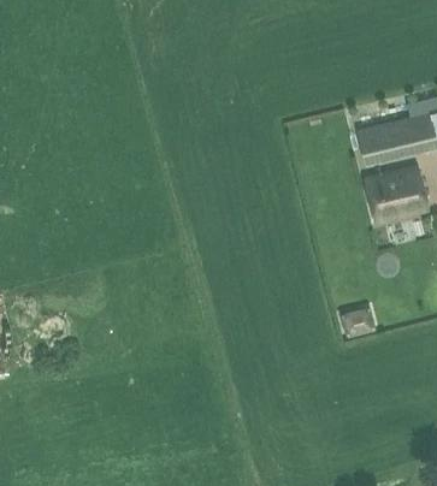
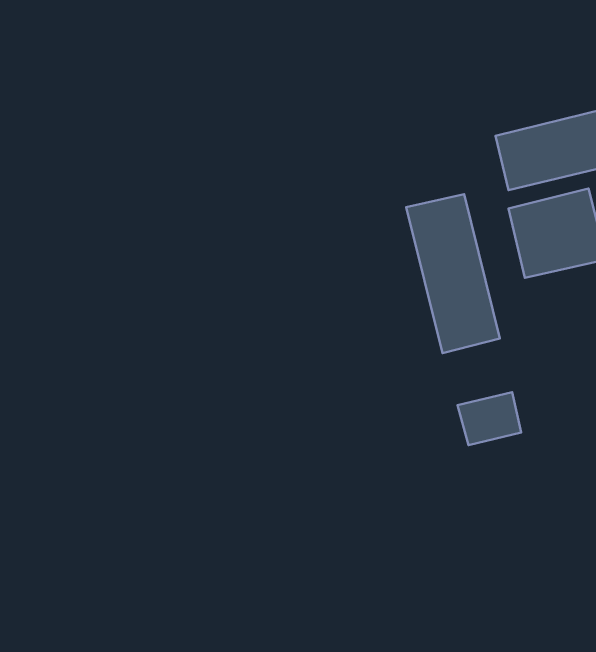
building: none -> [406,194,500,353]

